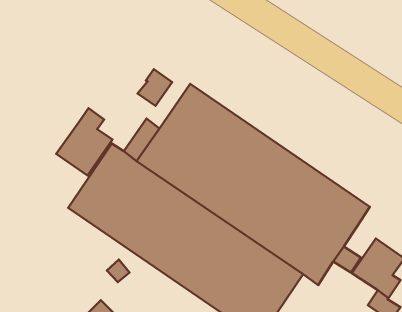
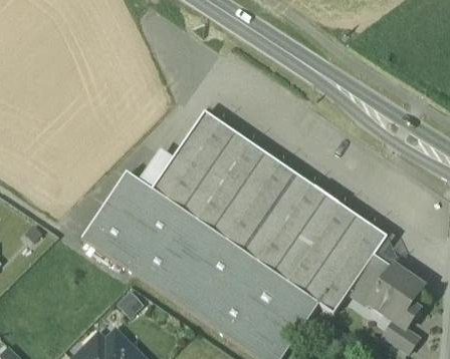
building: [138,69,172,106] -> none
building: [56,108,113,175] -> none
building: none -> [361,256,391,287]

